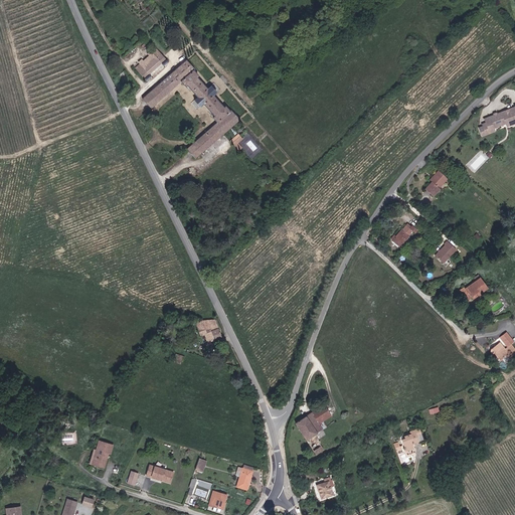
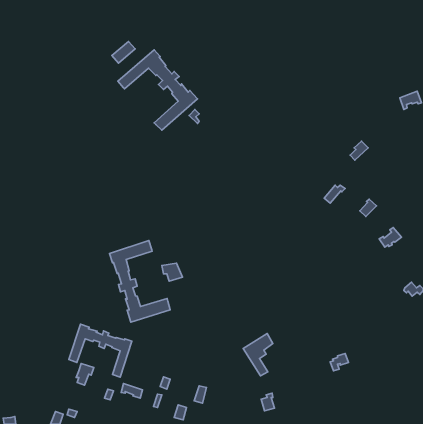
building: none -> [109,241,170,322]
building: none -> [69,324,132,377]

